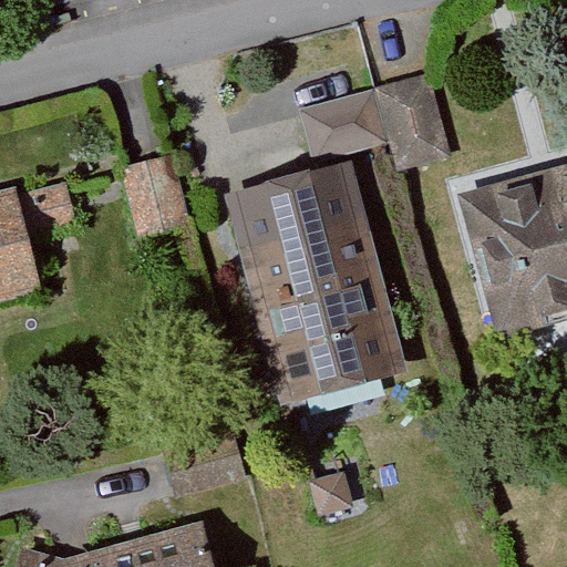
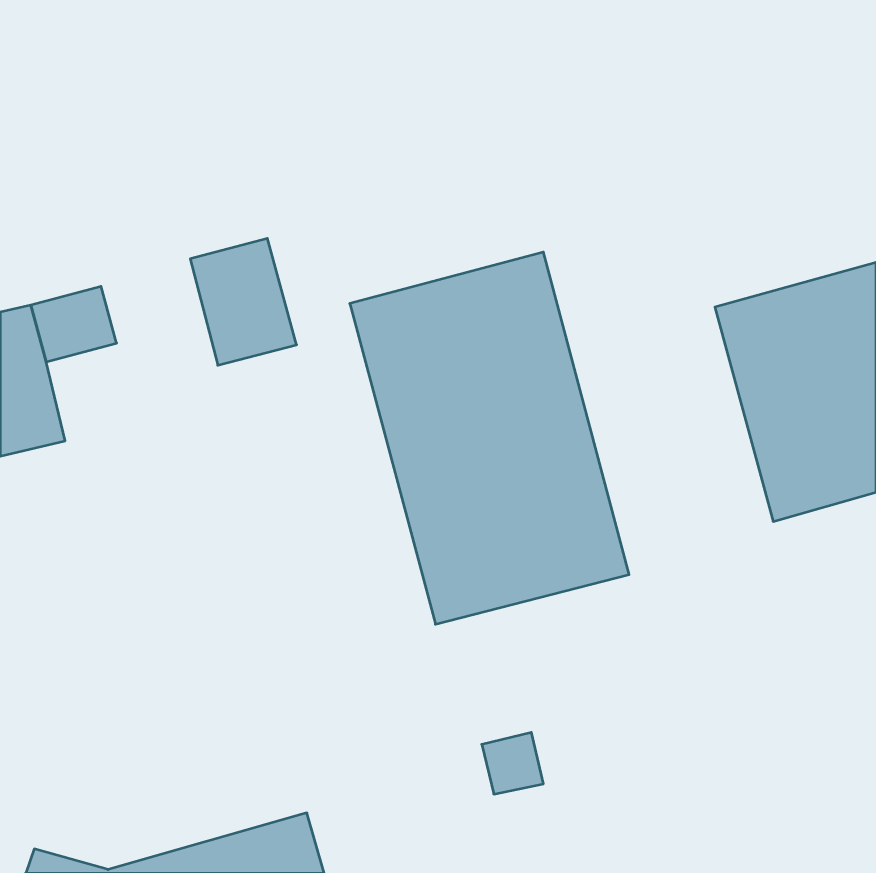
building: [299,74,452,167] -> none

